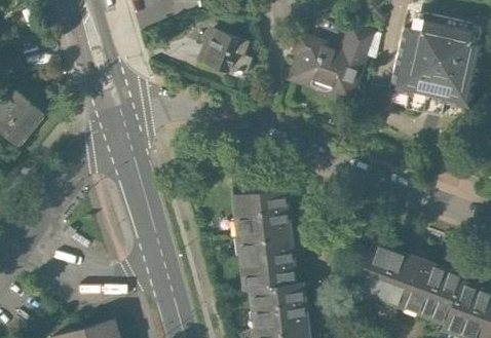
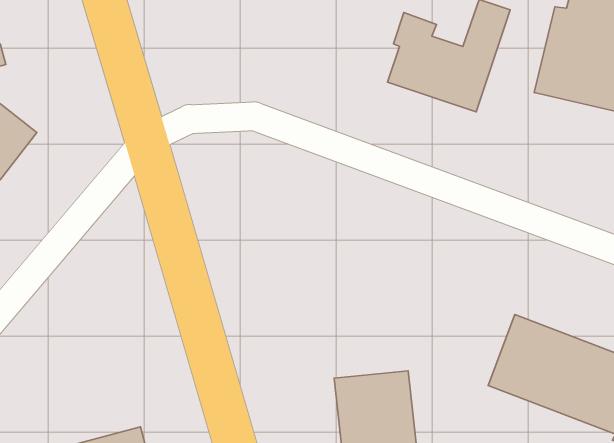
building: [199,29,250,79] -> none
building: [234,189,292,288] -> none

